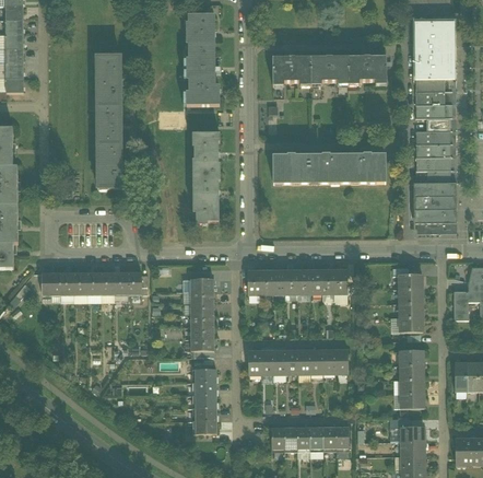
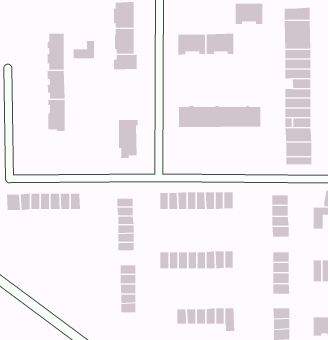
building: [349,56,387,84] -> [235,3,263,24]
building: none -> [73,40,95,59]
building: [192,133,220,172] -> none

